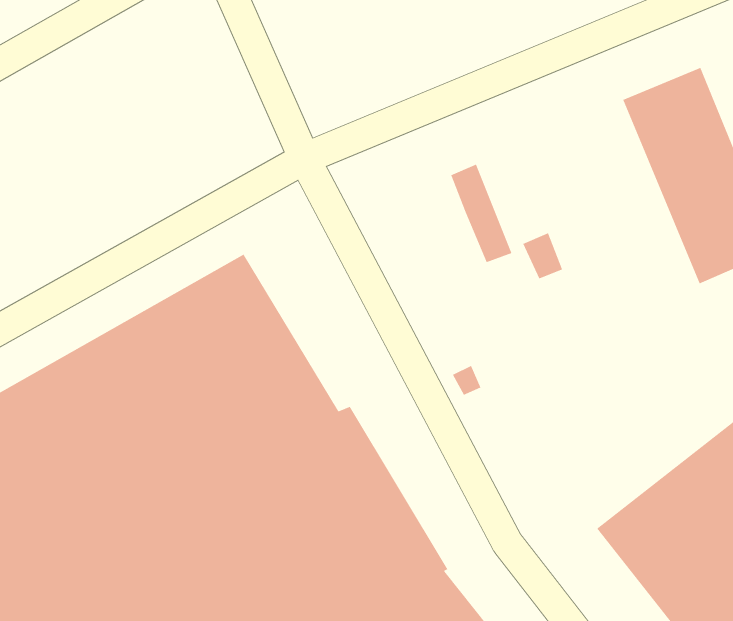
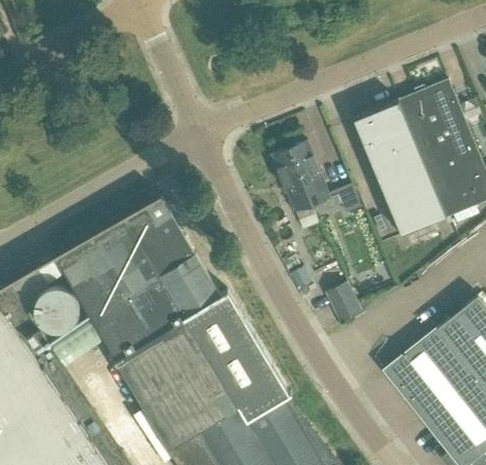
building: none -> [353,102,448,238]
building: none -> [273,150,314,212]
building: none -> [326,284,361,323]

